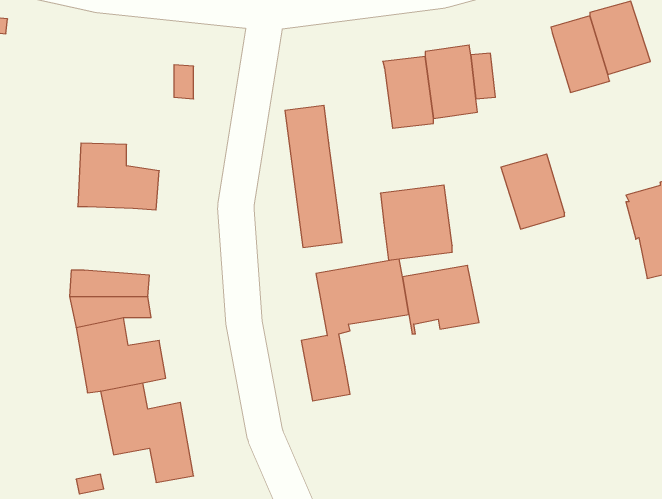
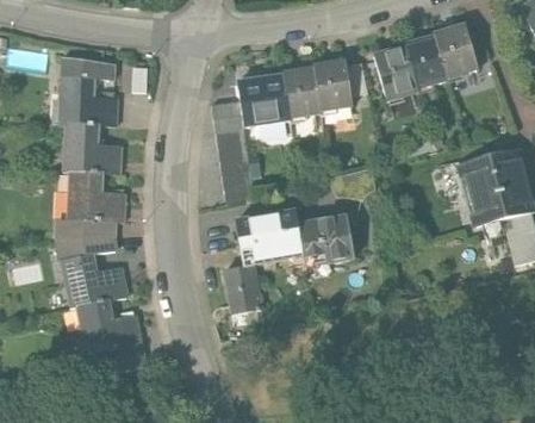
building: none -> [50,56,117,129]
building: [501,154,565,229] -> [374,46,421,101]
building: [380,185,452,260] -> [238,71,291,126]
building: none -> [66,173,124,224]

